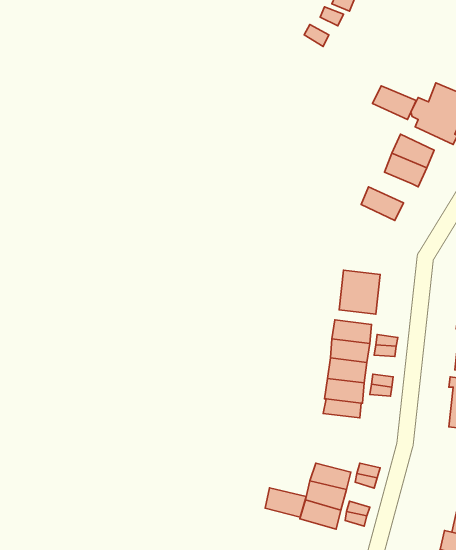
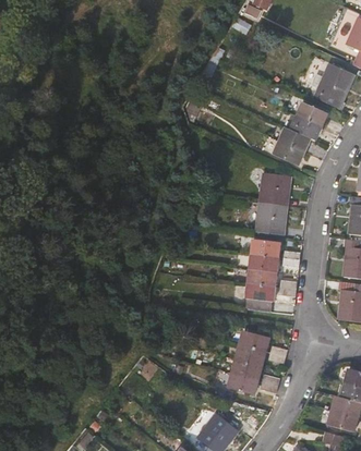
building: [372,86,416,120] -> [278,126,311,151]
building: none -> [260,171,291,205]
building: [265,488,306,517] -> [239,330,269,352]

